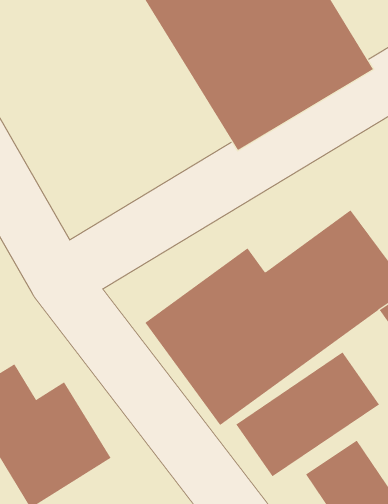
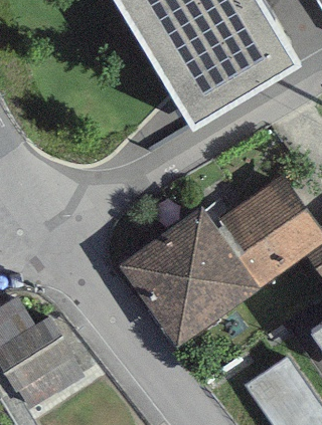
building: [236,352,380,477] -> none

